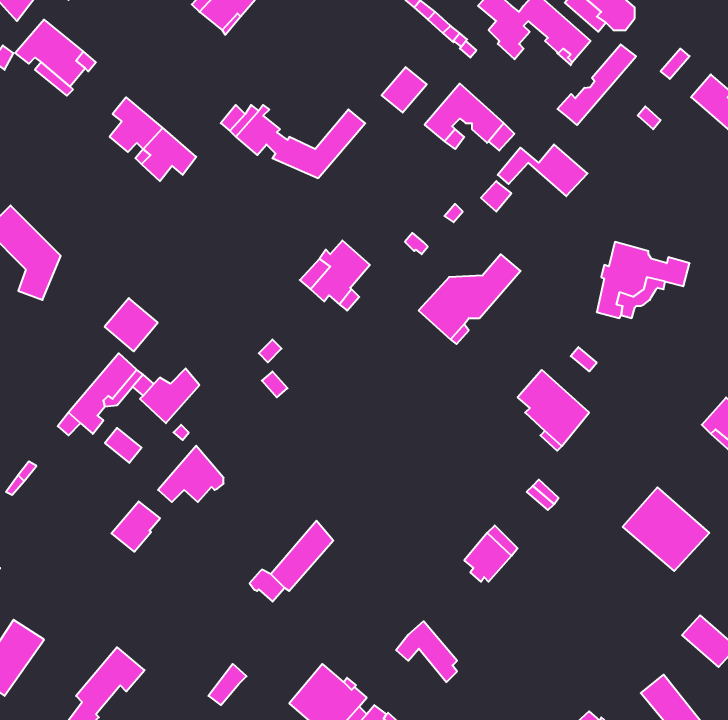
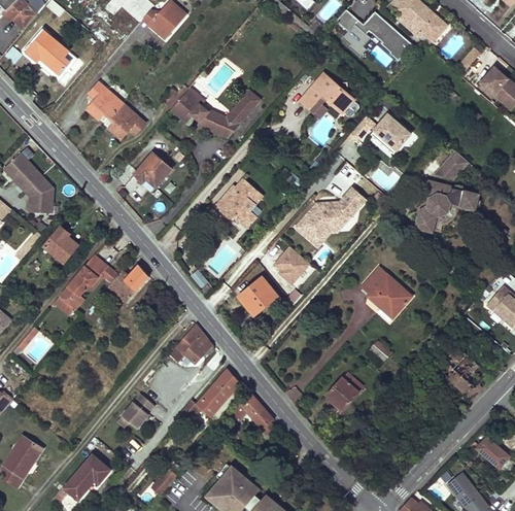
building: [557,44,636,125] -> none
building: [382,67,427,113] -> none
building: none -> [435,150,468,179]
building: none -> [134,152,172,193]
building: [105,298,158,351] -> [43,227,79,263]
building: none -> [270,244,310,284]
building: none -> [238,277,277,315]
building: [158,446,224,502] -> [168,325,212,363]
building: [111,501,160,552] -> [122,395,154,429]
building: [396,621,457,682] -> [232,394,273,435]

